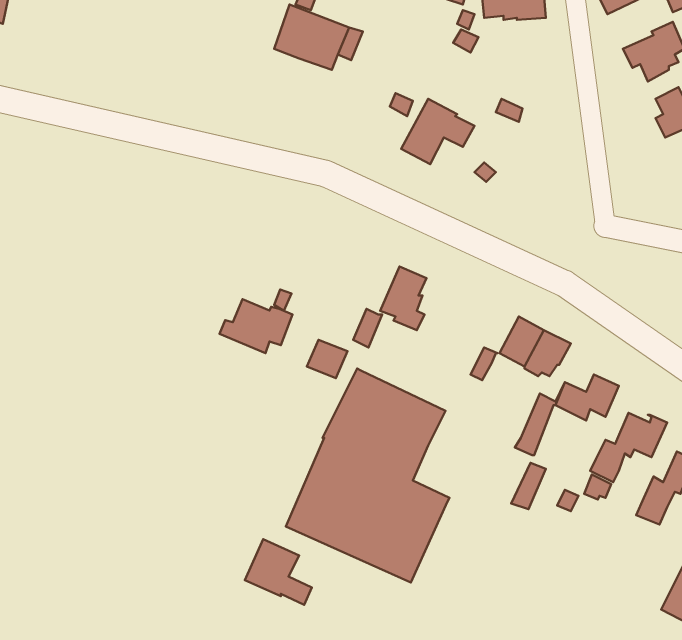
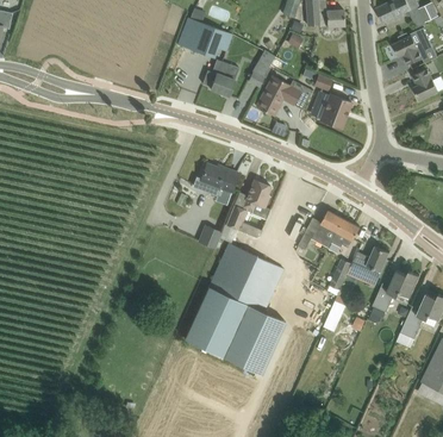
building: none -> [210,62,237,96]
building: none -> [319,94,350,129]
building: [219,299,293,353] -> [192,164,237,198]
building: [245,539,312,605] -> none

